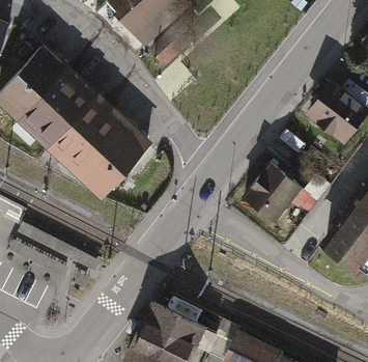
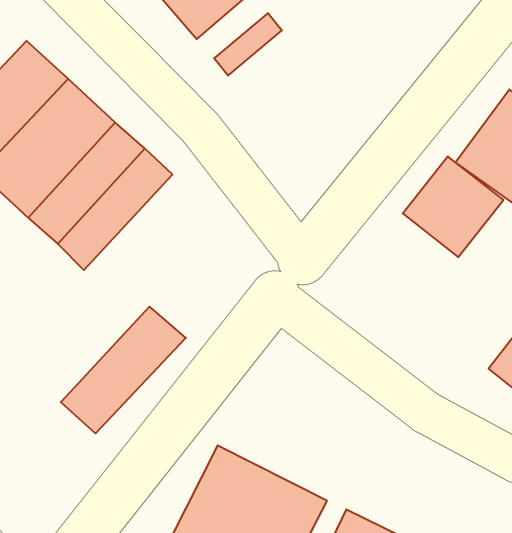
building: [81,127,155,202] -> [61,307,186,433]
building: [242,163,302,223] -> [403,156,503,257]

